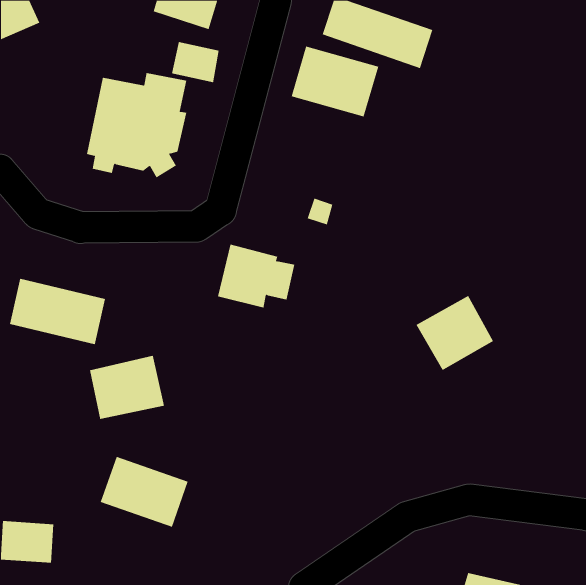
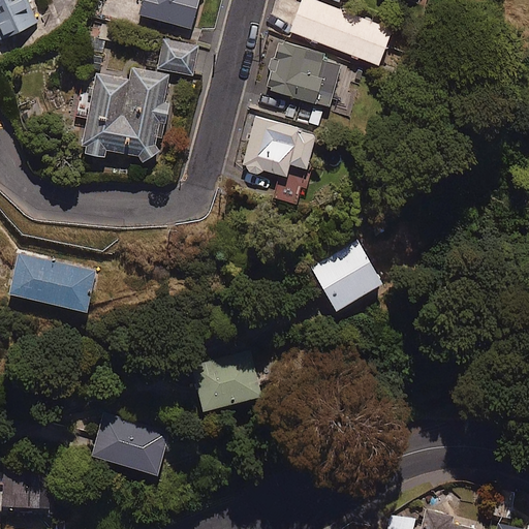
building: [217,244,295,308] -> [244,118,314,176]
building: [416,295,494,371] -> [311,242,381,310]
building: [89,355,165,420] -> [193,351,261,409]

